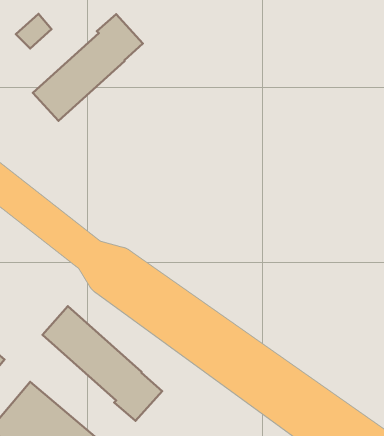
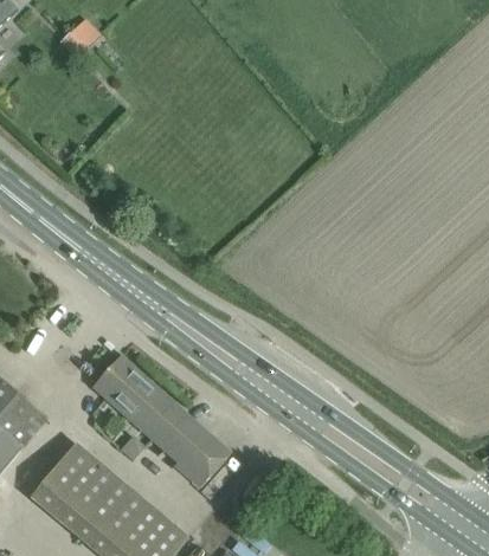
building: [33,14,143,121] -> none

